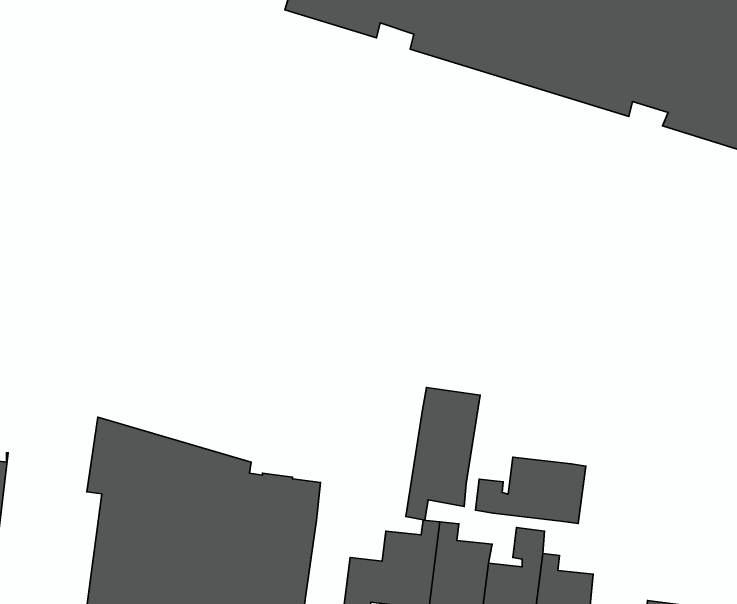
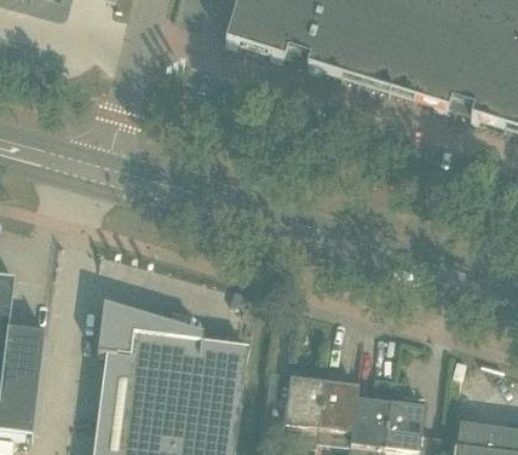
building: [406,387,480,520] -> none
building: [476,457,586,524] -> none

